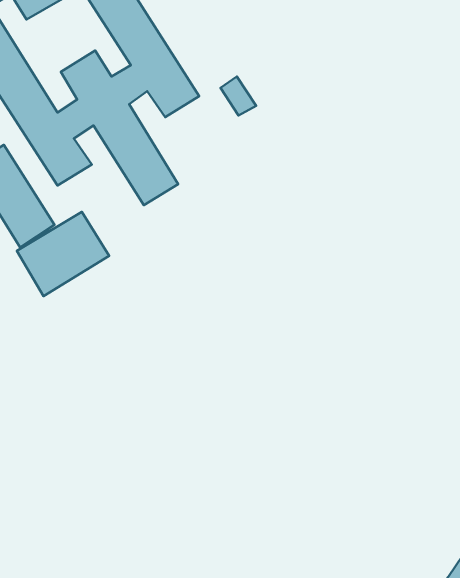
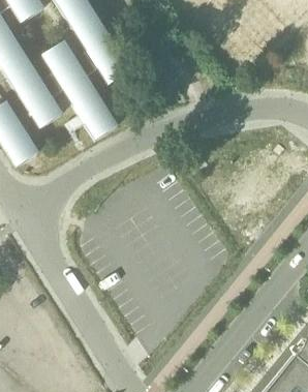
building: [17,212,109,296] -> none

